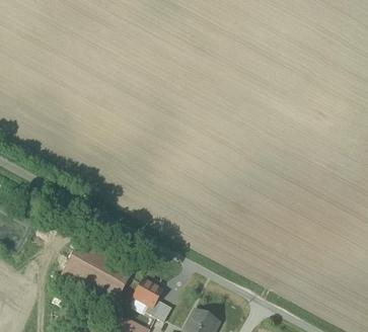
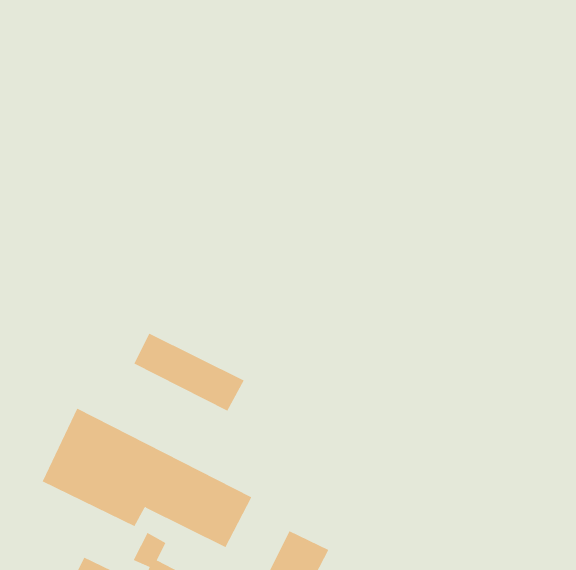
building: none -> [133,333,244,412]

